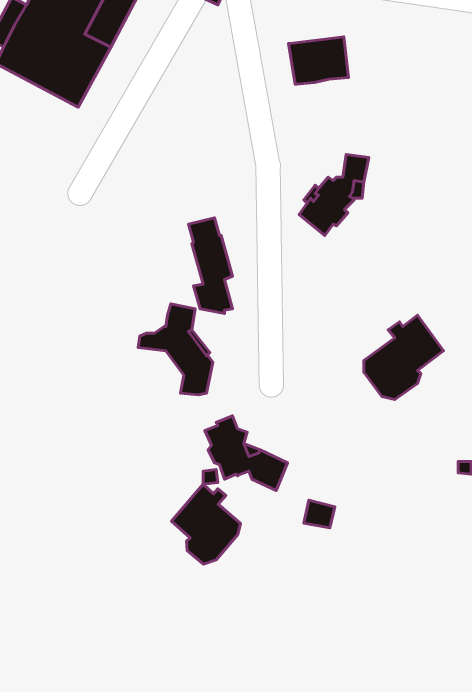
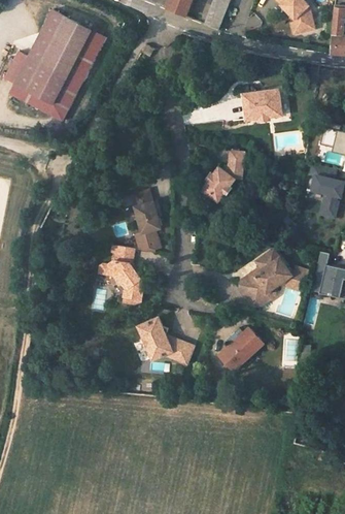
building: [289,37,349,84] -> [244,90,282,120]
building: none -> [218,327,264,372]
building: [172,484,240,564] -> none

